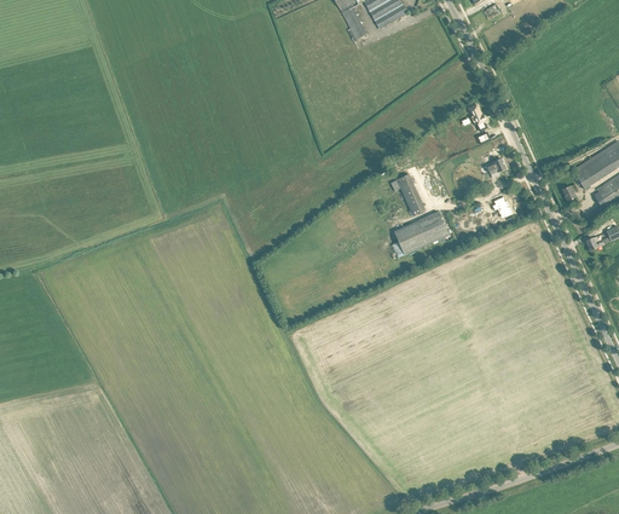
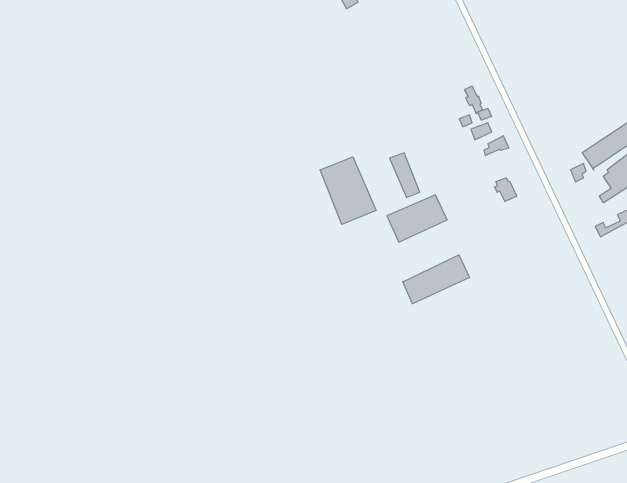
building: none -> [320,157,376,224]
building: none -> [403,255,470,304]

